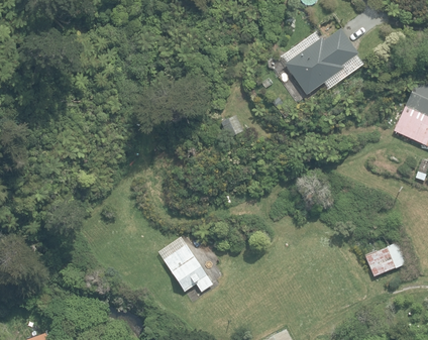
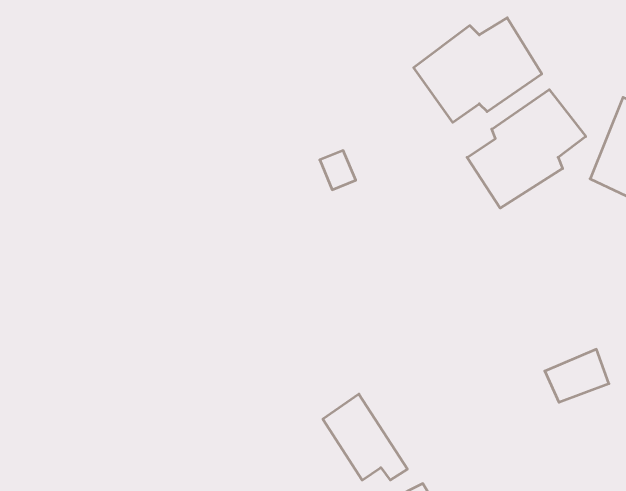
building: none -> [467,90,586,208]
building: [158,236,213,292] -> [323,394,407,480]

